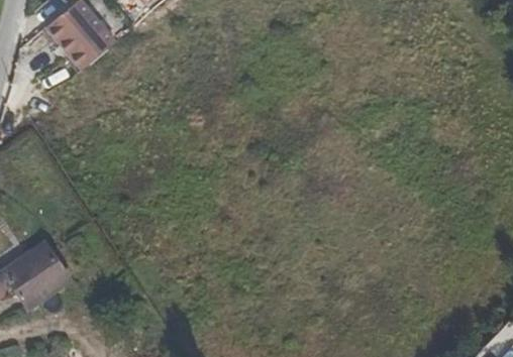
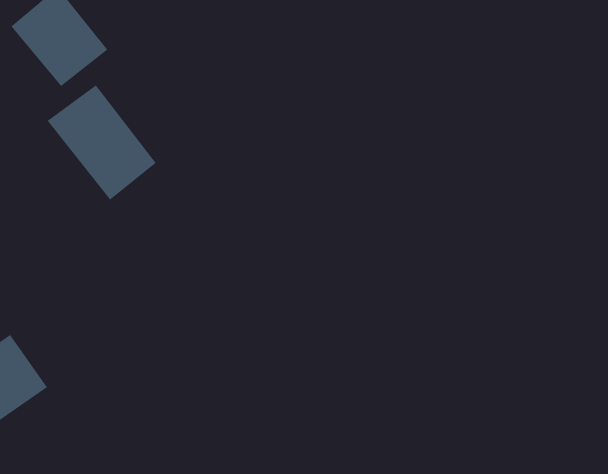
building: none -> [47,85,156,200]

